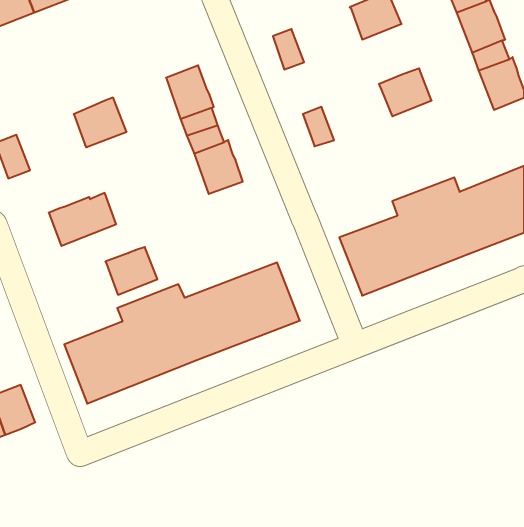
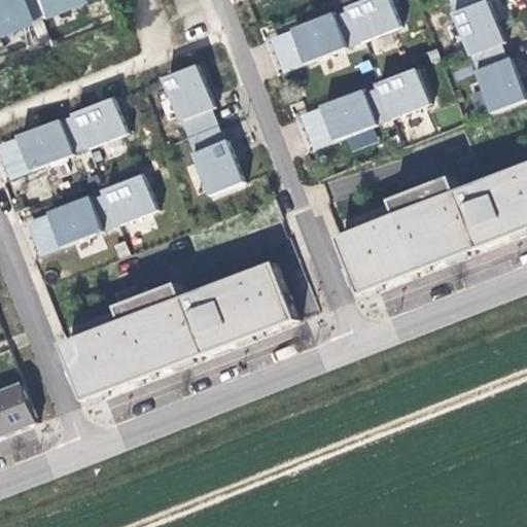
building: none -> [291,8,359,61]
building: none -> [321,85,389,137]
building: none -> [17,113,84,168]
building: none -> [26,211,60,253]
building: [105,247,157,295] -> [103,175,154,222]

